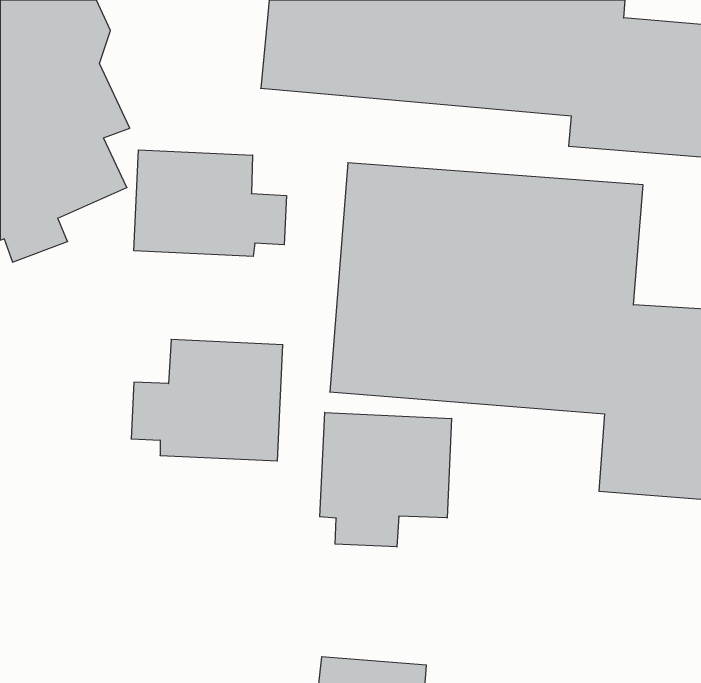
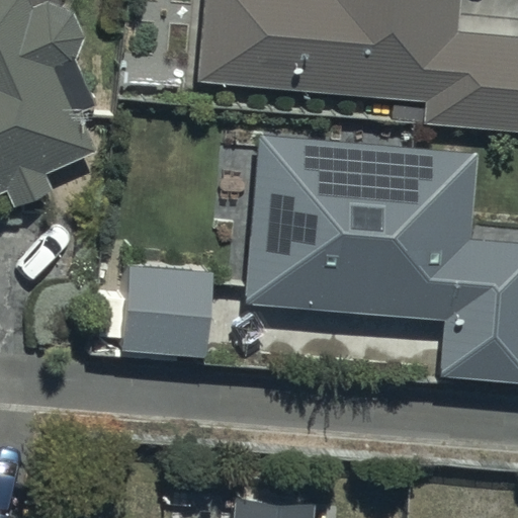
building: [134,150,286,256] -> none
building: [320,412,452,547] -> none

